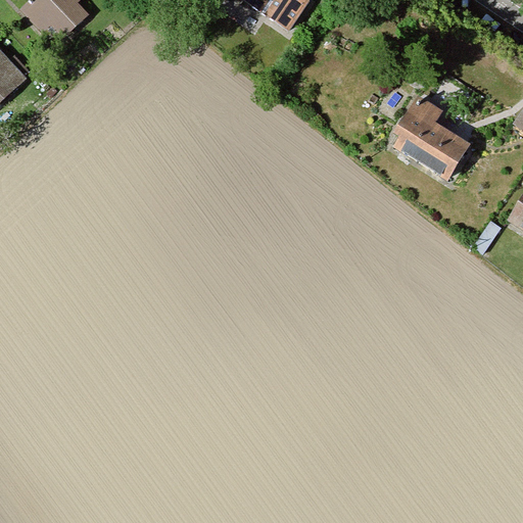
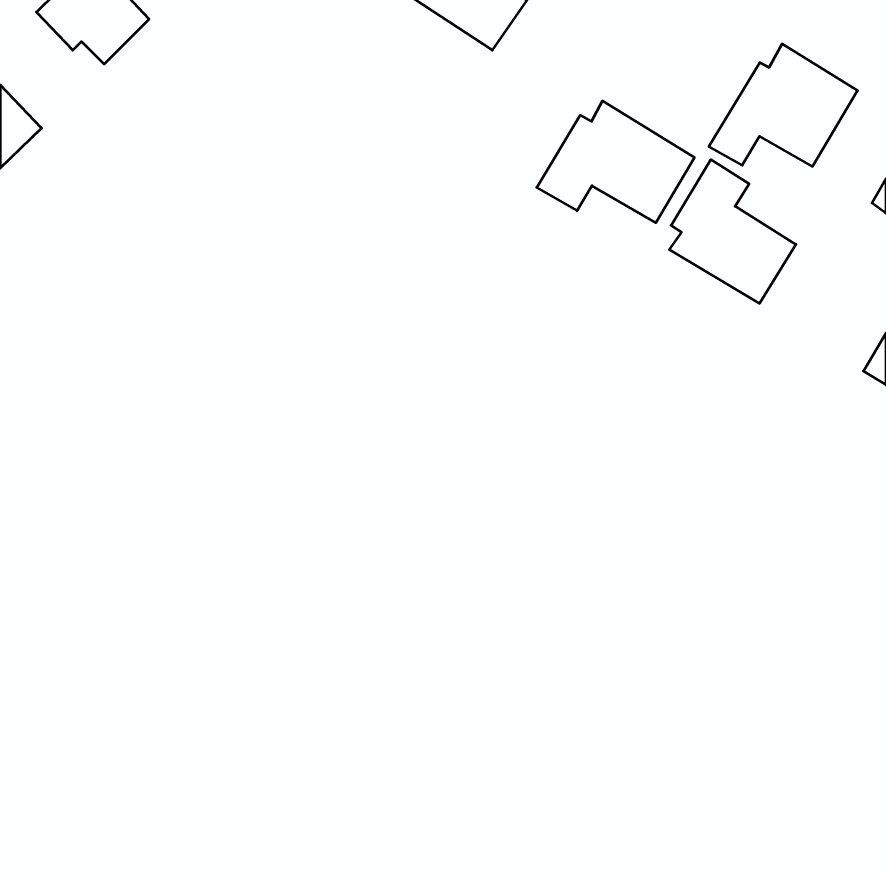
building: none -> [709,44,858,166]
building: none -> [537,101,694,223]

